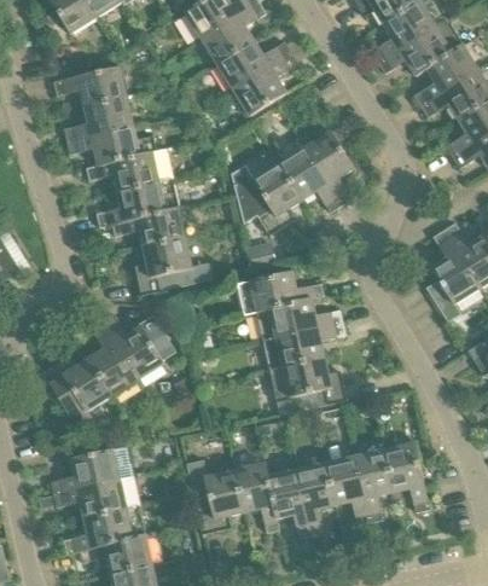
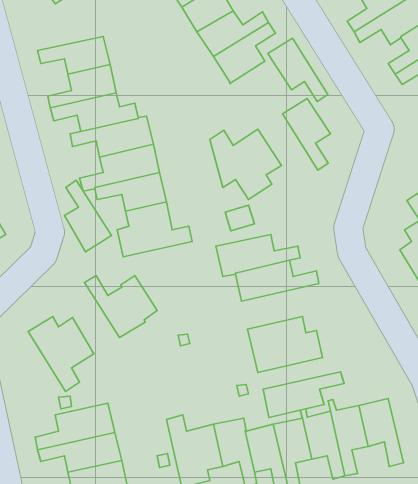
building: [279,147,341,213] -> [268,38,328,101]
building: [88,321,136,395] -> [65,180,111,252]
building: [262,323,345,370] -> [263,372,344,417]

